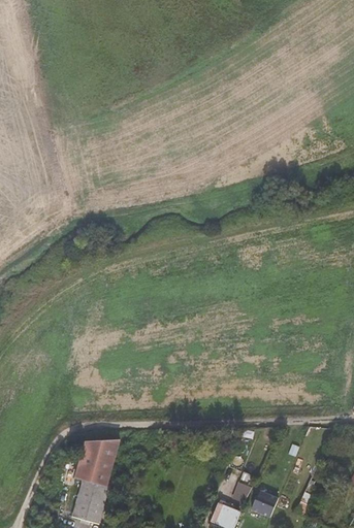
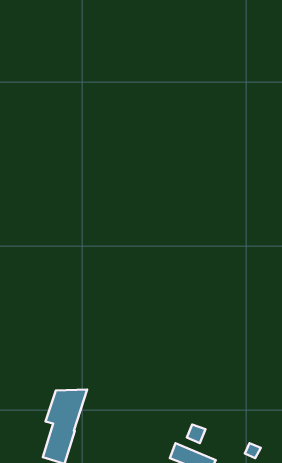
building: [251,489,276,515] -> none

